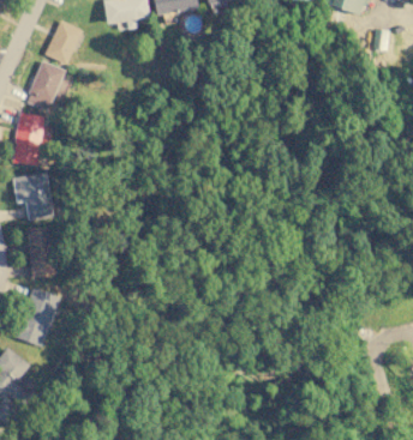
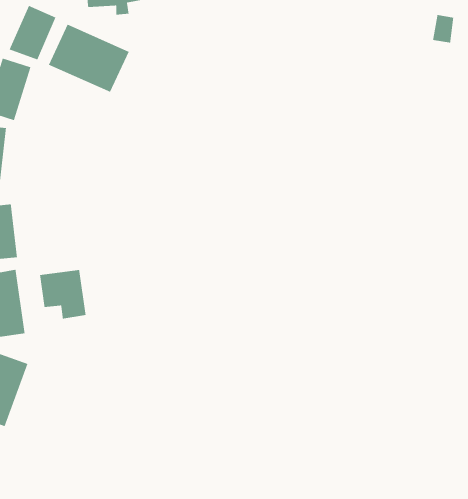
building: none -> [48,23,130,93]
building: none -> [39,269,86,320]

